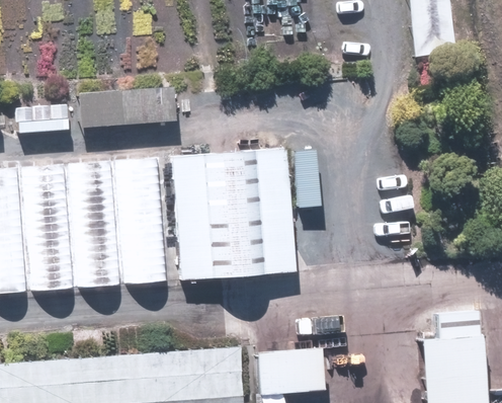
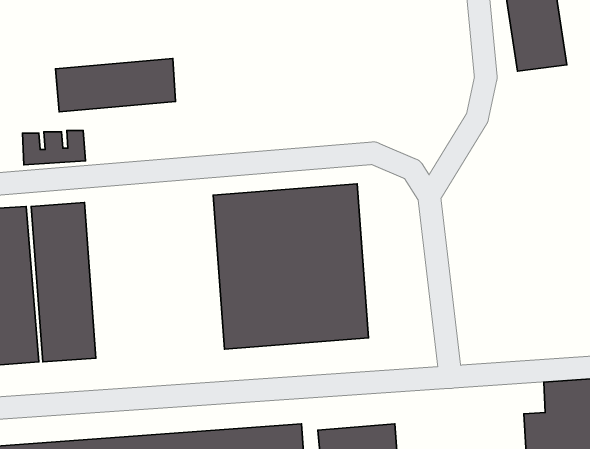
building: [80,87,176,130] -> [55,59,175,112]
building: [121,156,173,284] -> none
building: [72,161,124,289] -> none

